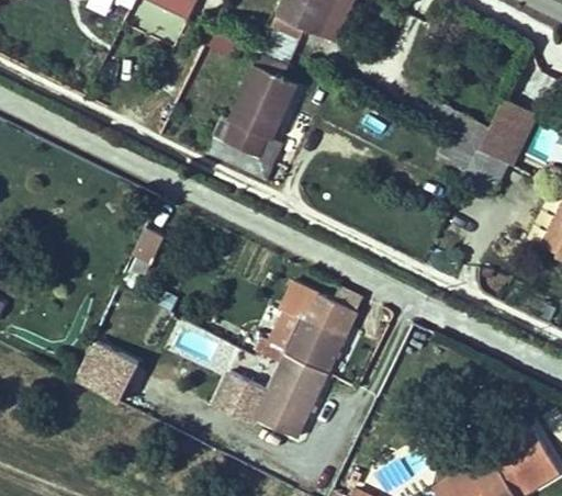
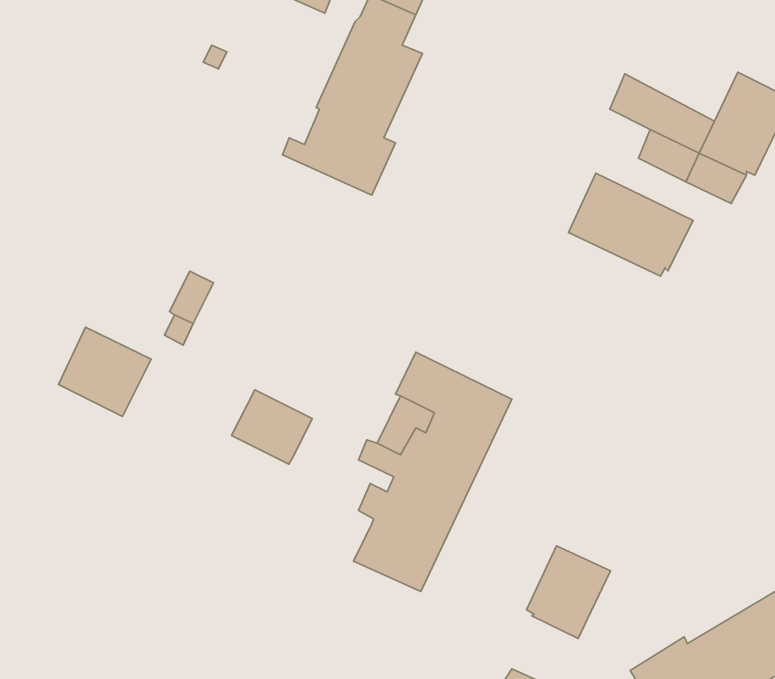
building: none -> [569,173,693,276]
building: [76,343,136,402] -> [58,327,151,417]
building: [213,373,266,421] -> [231,390,312,464]
building: none -> [526,546,610,639]

